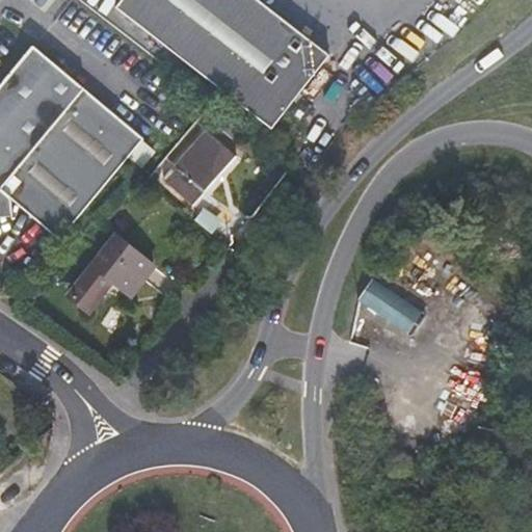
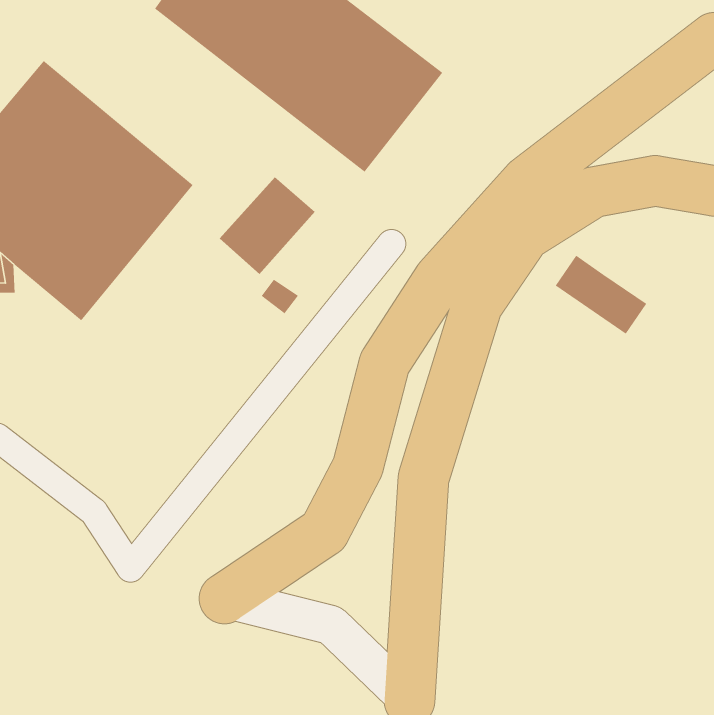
building: [68,235,153,311] -> none
building: [356,275,425,335] -> [555,255,647,335]

